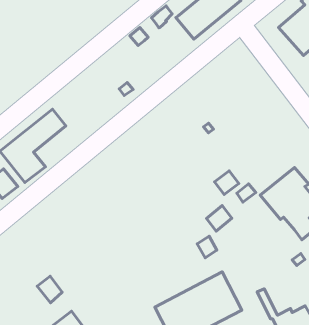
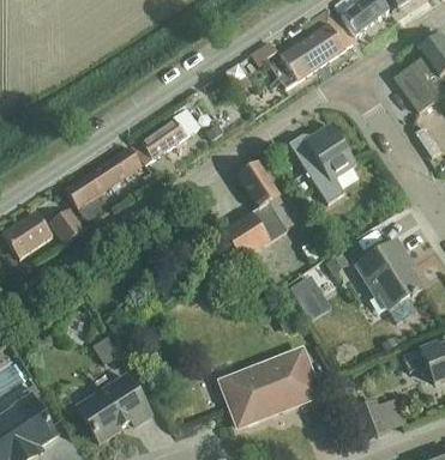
building: none -> [289,125,357,204]
building: none -> [136,110,196,163]
building: none -> [224,163,288,259]

